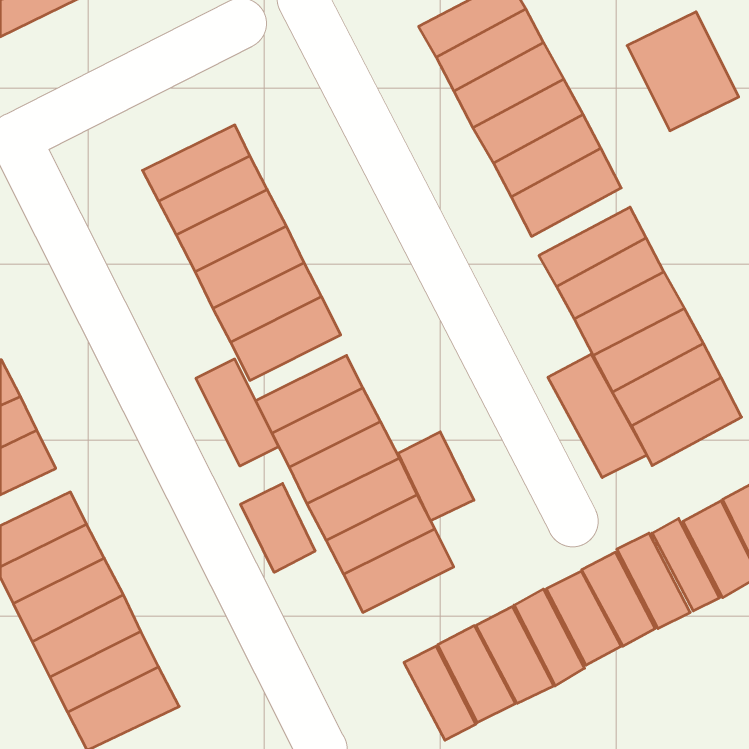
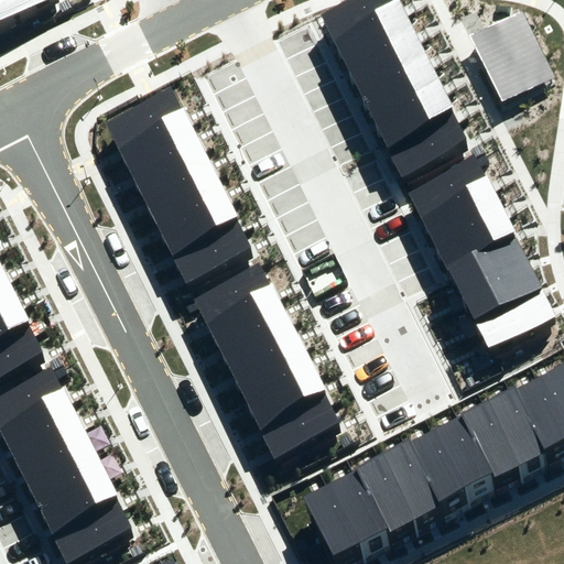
building: [548,354,647,478] -> none
building: [196,359,278,466] -> none
building: [398,432,474,521] -> none
building: [241,483,315,572] -> none

